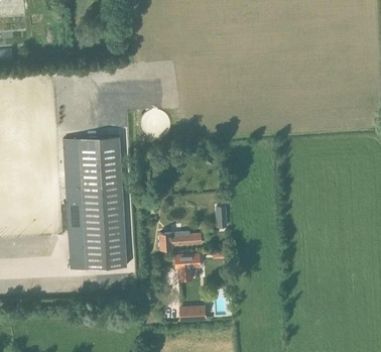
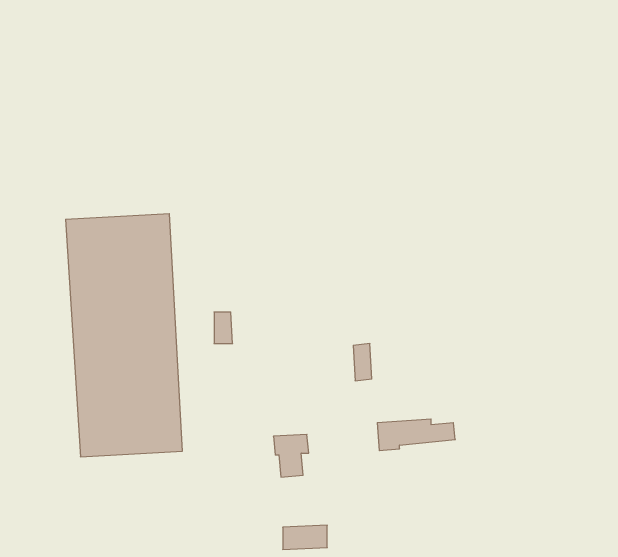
building: [160,232,203,249] -> [377,419,455,451]

